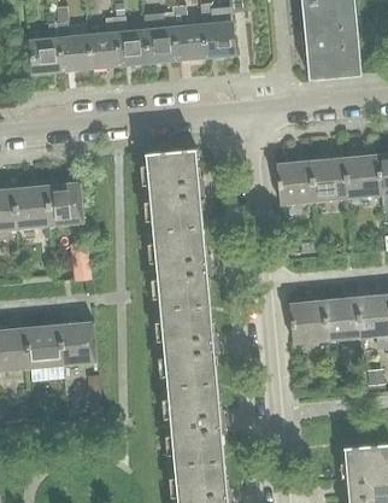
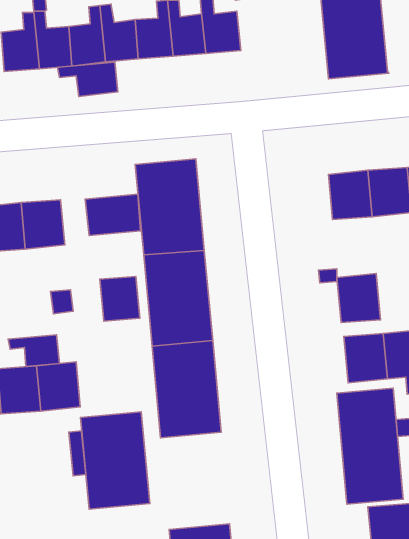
building: none -> [57,62,118,96]
building: [276,162,313,204] -> none
building: none -> [85,194,141,235]
building: none -> [100,276,140,321]
building: none -> [8,335,59,366]
building: [289,300,327,343] -> [337,273,380,323]
building: none -> [337,388,403,504]
building: [166,382,225,466] -> [81,412,150,509]

